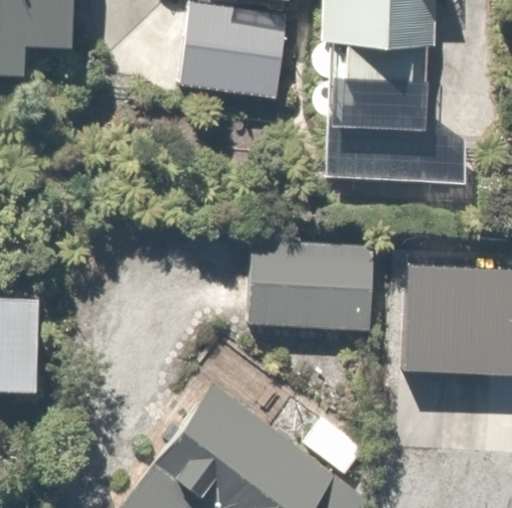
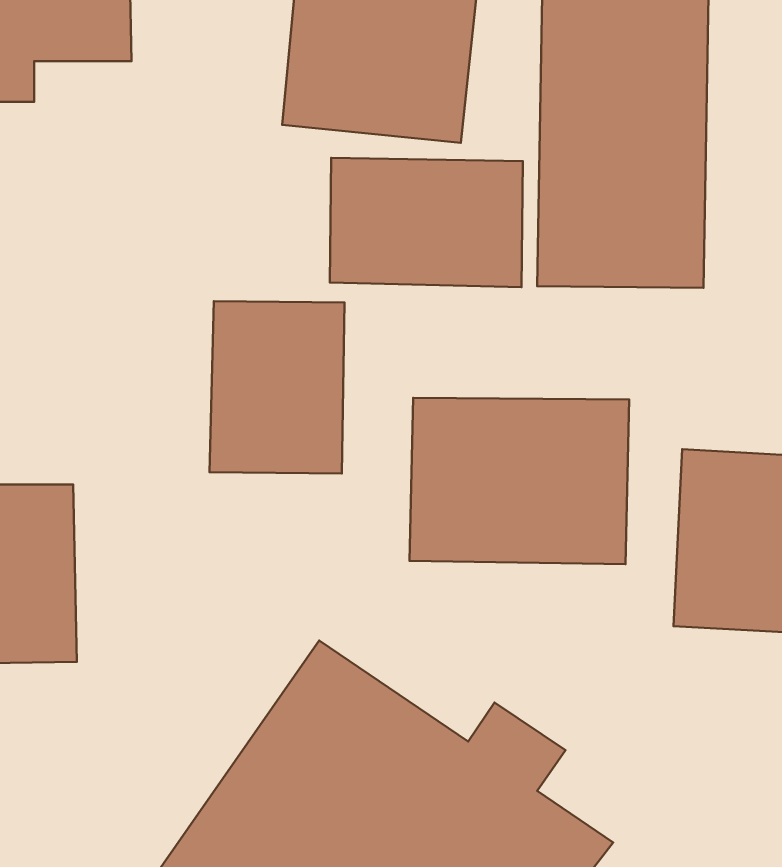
building: none -> [330,158,523,287]
building: none -> [209,301,345,474]

